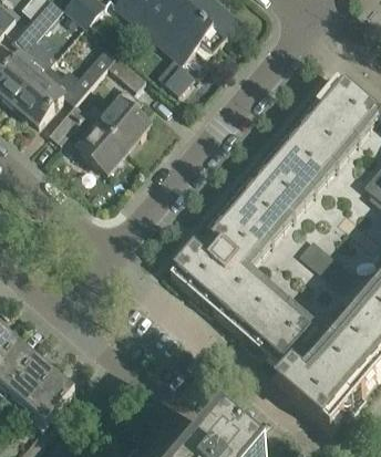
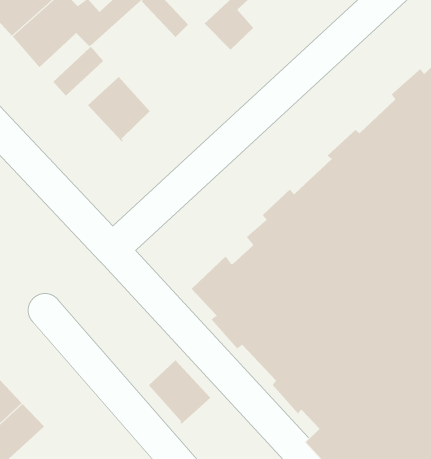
building: [97,85,148,146] -> none
building: none -> [148,359,211,425]

